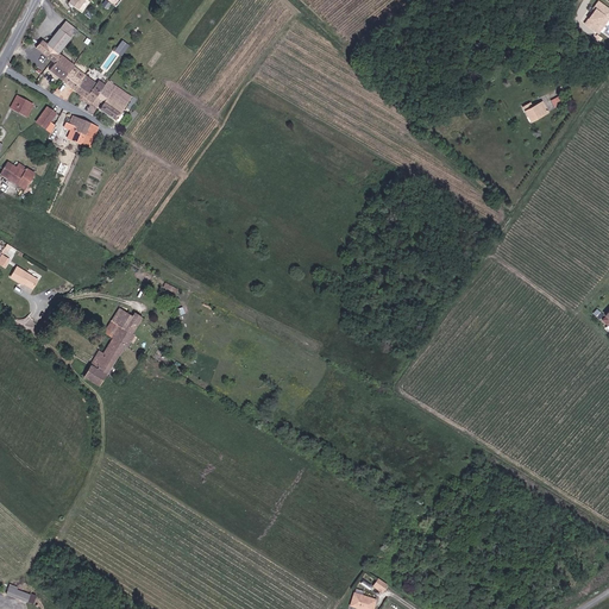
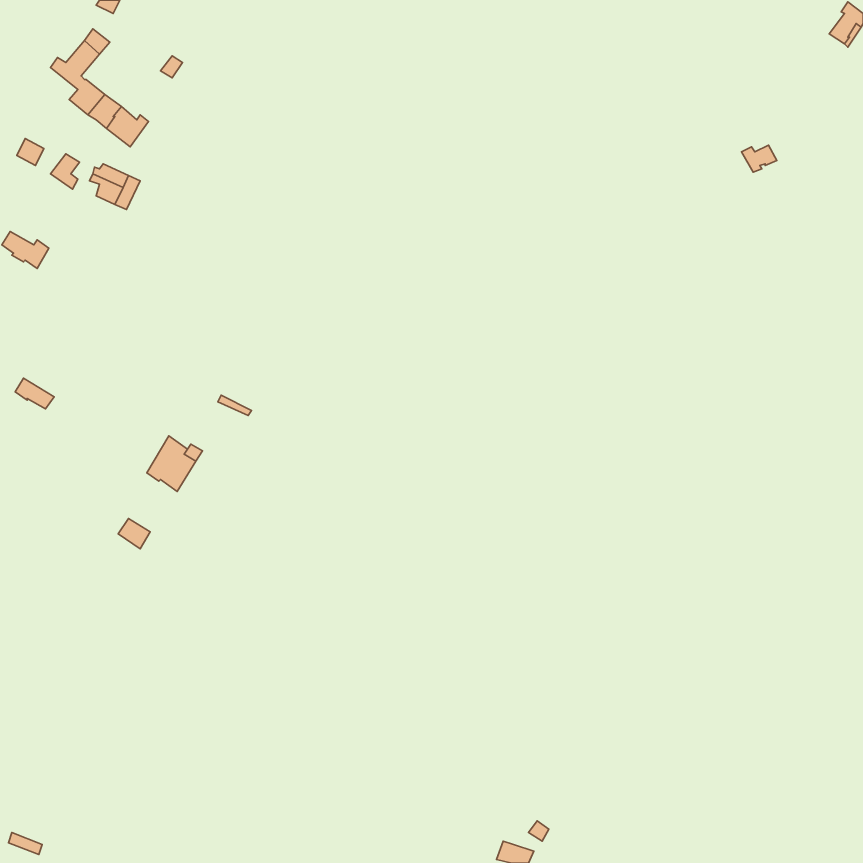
building: [92,81,132,120] -> none
building: [90,338,125,375] -> none

